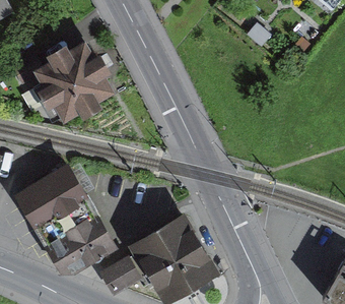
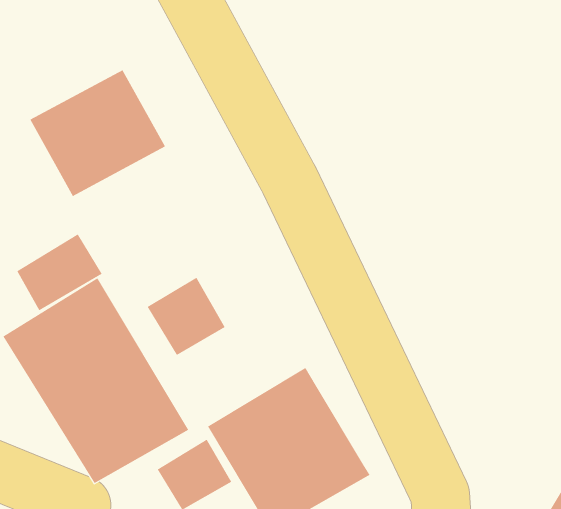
building: none -> [16,233,102,311]
building: none -> [147,277,226,356]

